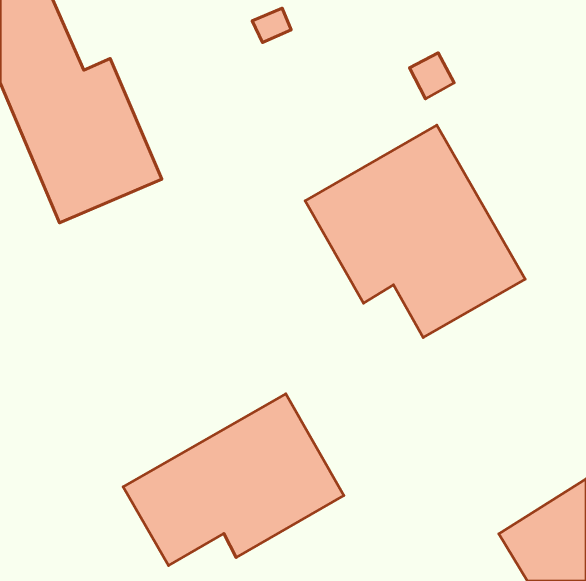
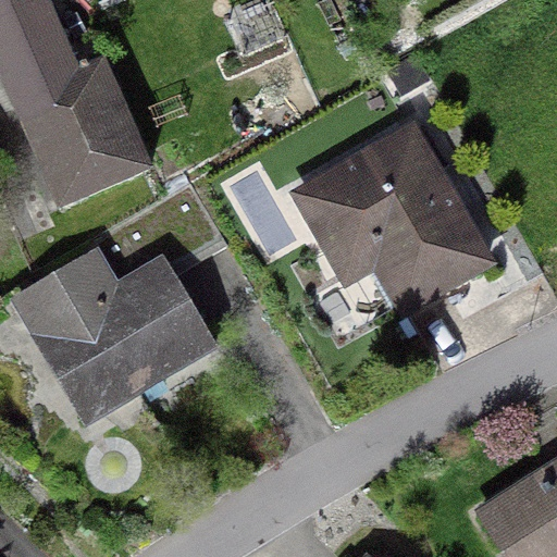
building: none -> [11,246,218,425]
building: [123,394,344,566] -> none

